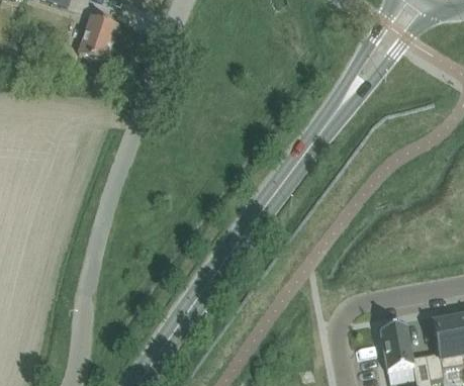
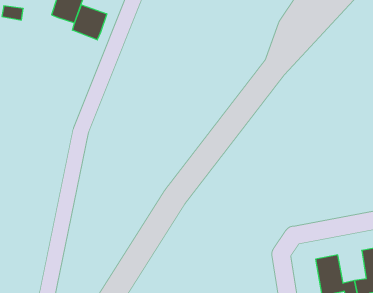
building: none -> [72,5,107,40]

